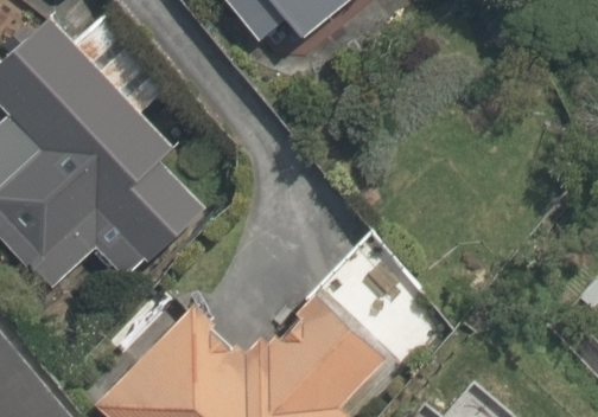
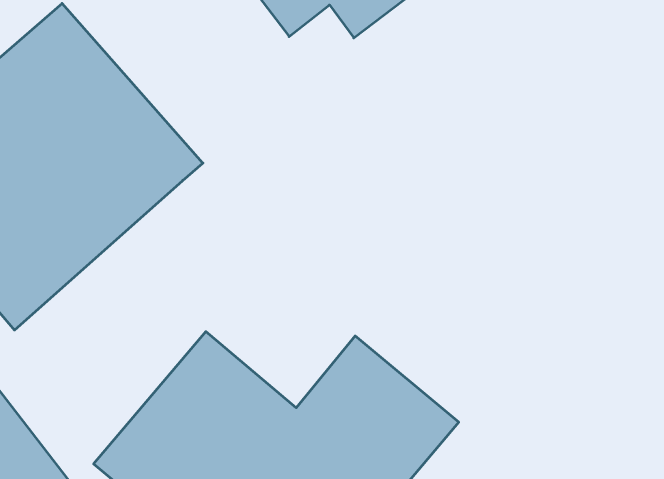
building: [23,162,205,307] -> none

